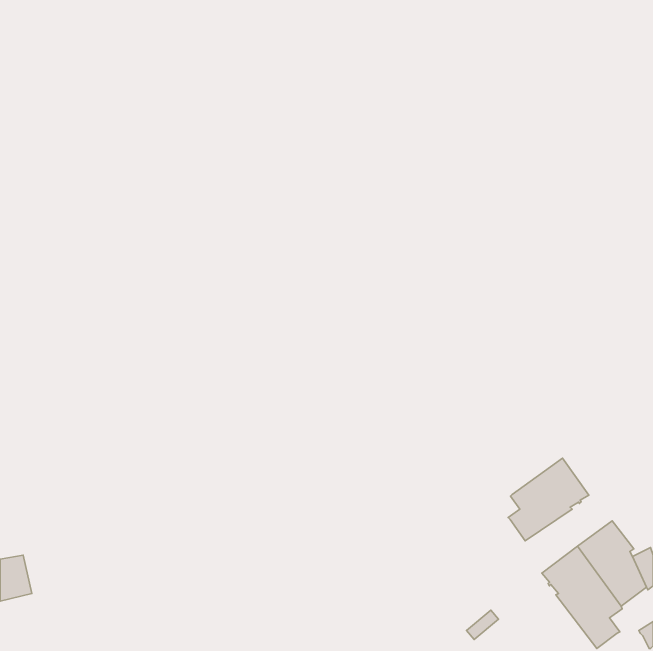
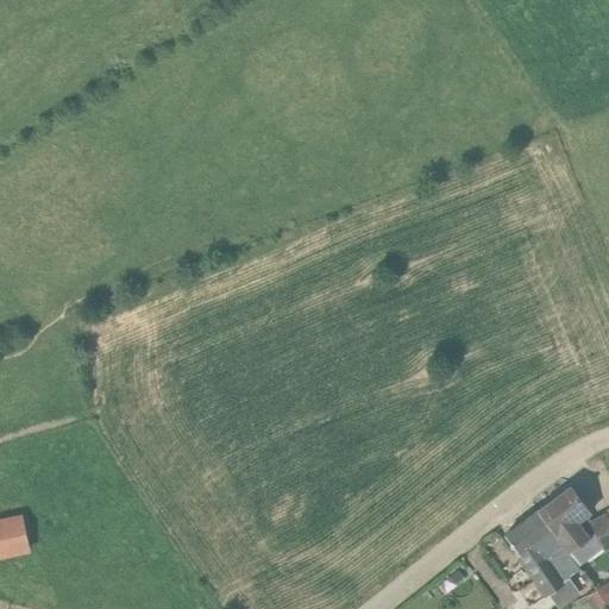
building: [508,458,589,541] -> none

